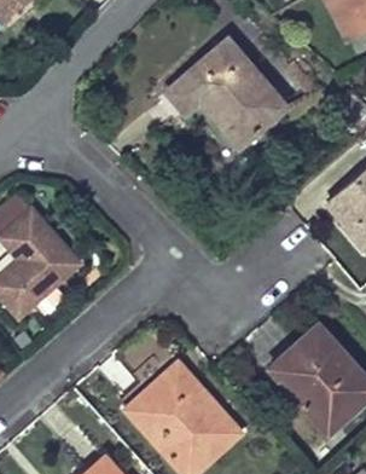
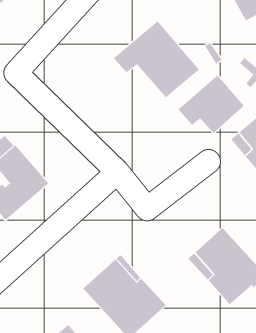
building: none -> [178,75,245,134]

